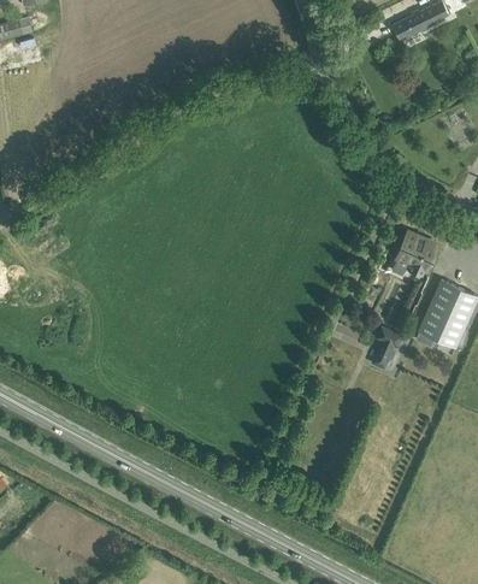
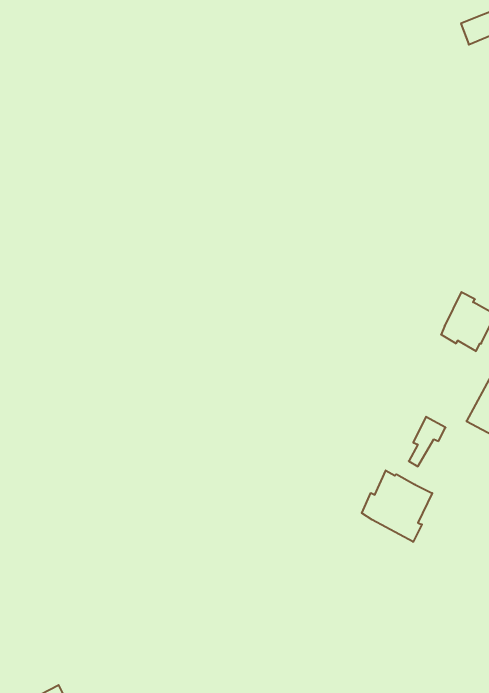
building: none -> [362,470,432,542]

